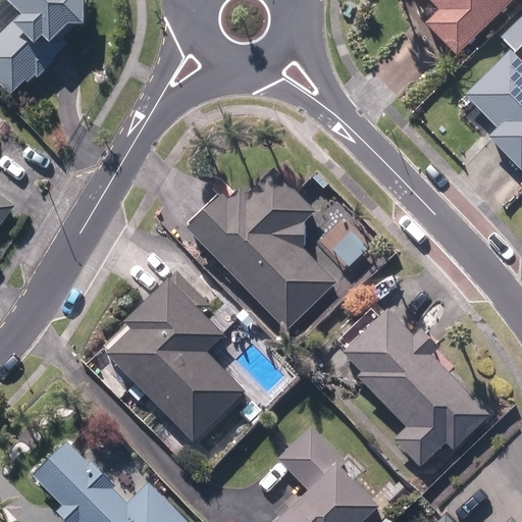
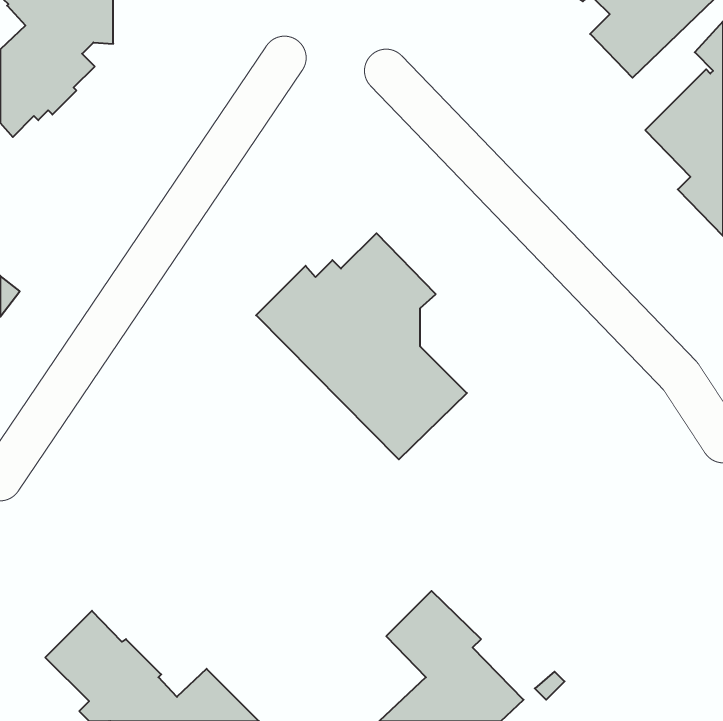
building: [105,272,245,441] -> none
building: [342,309,489,467] -> none

